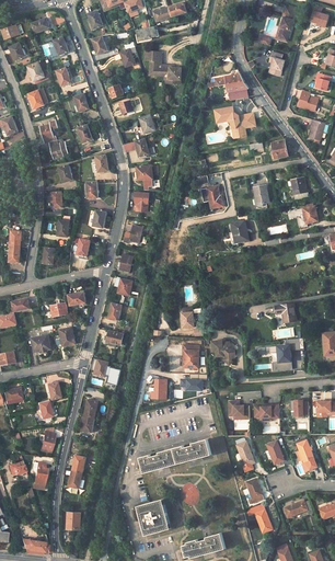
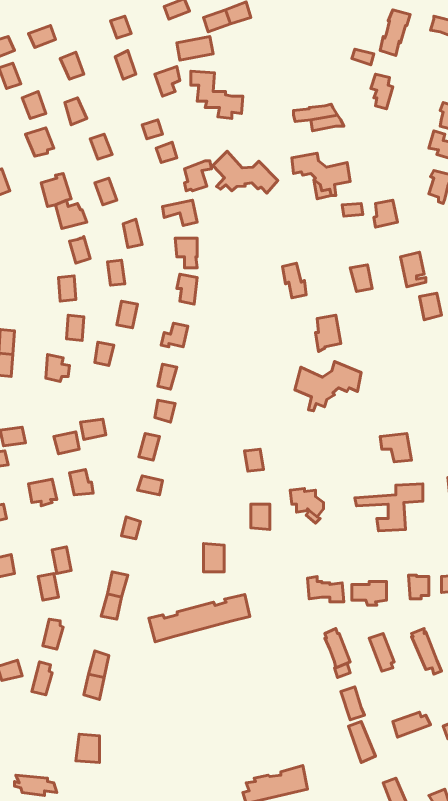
building: none -> [213,151,278,193]
building: none -> [295,362,361,411]
building: [139,440,209,473] -> [149,594,250,642]
building: [138,499,171,536] -> none

